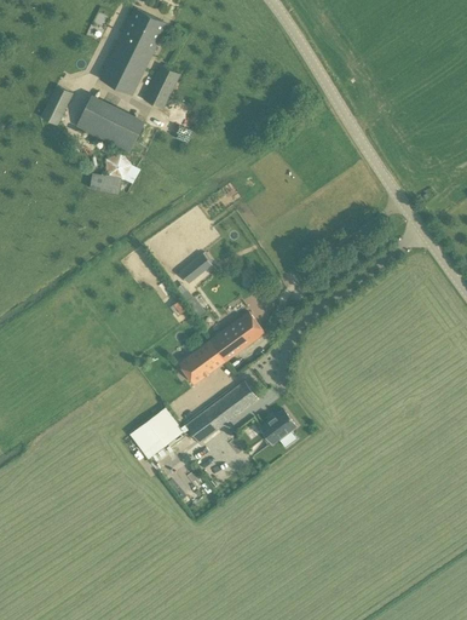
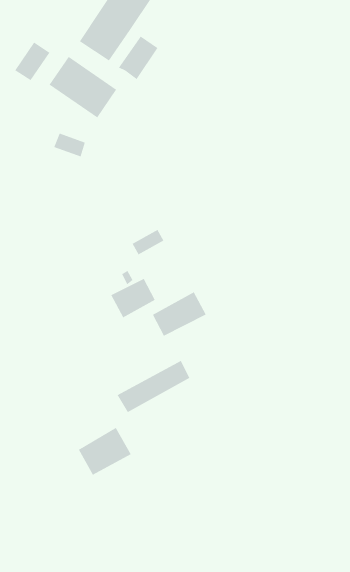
building: [179,341,225,385] -> [110,278,156,319]
building: [131,407,185,459] -> [78,427,132,476]
building: [261,411,296,444] -> none

